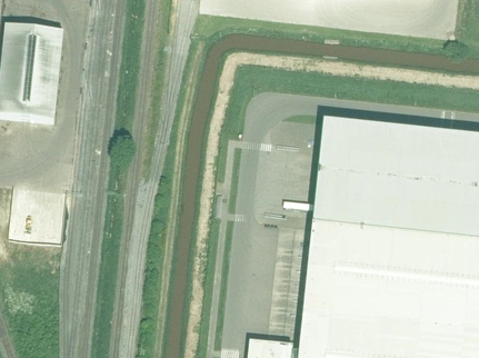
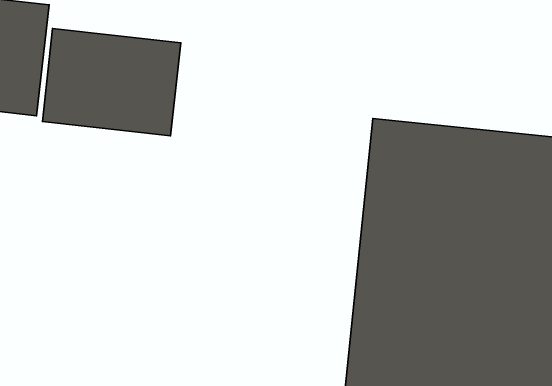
building: none -> [42,29,181,136]

